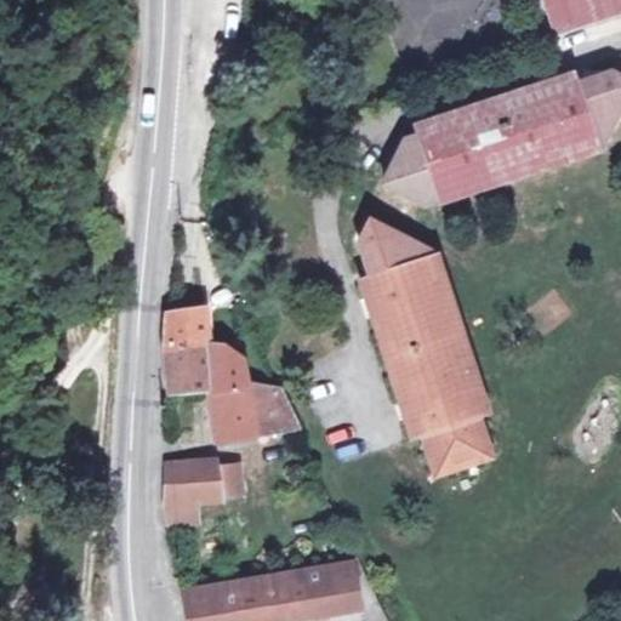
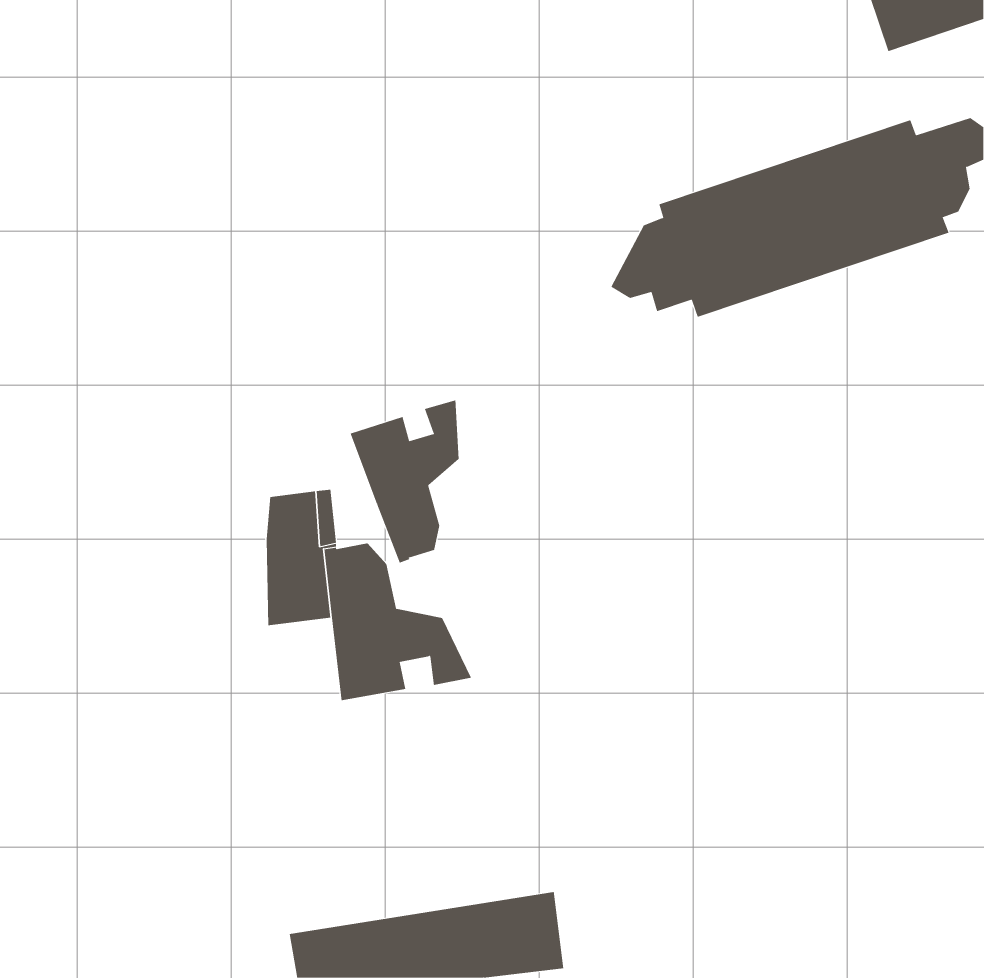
building: [360,227,485,469] -> none
building: none -> [350,400,459,563]
building: [163,460,243,528] -> none

